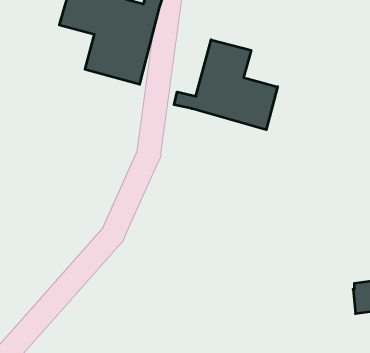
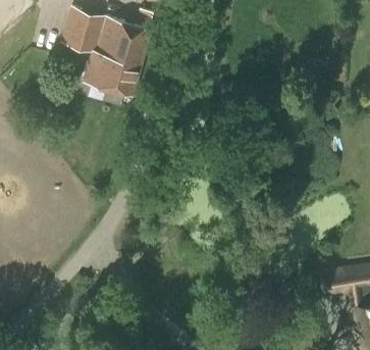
building: [174,40,278,130] -> none

